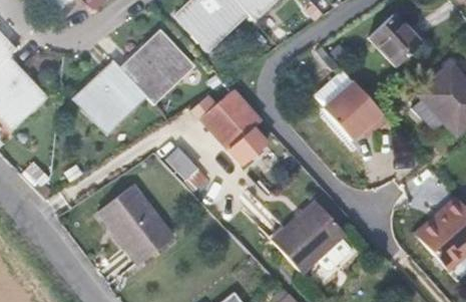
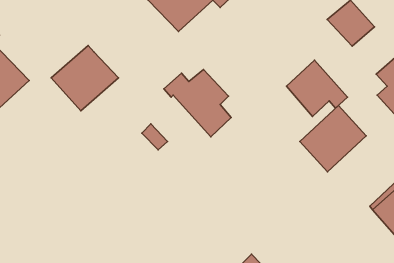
building: [116,35,187,104] -> none
building: [100,184,175,262] -> none
building: [270,201,342,273] -> [300,105,366,172]

